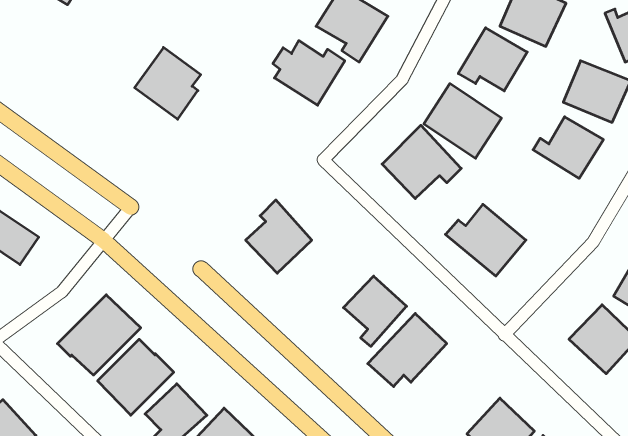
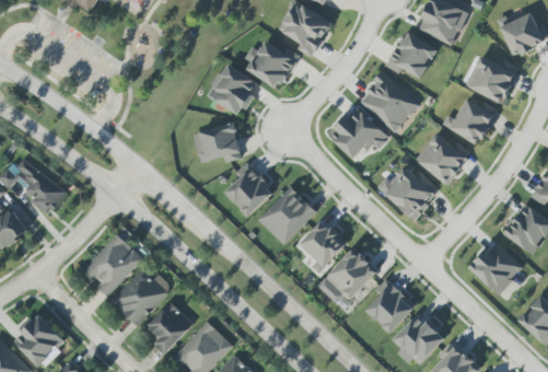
building: [135,47,201,119] -> [207,62,257,117]
building: none -> [193,123,243,163]
building: none -> [416,132,468,185]
building: none -> [258,186,317,245]
building: none -> [365,278,416,334]

